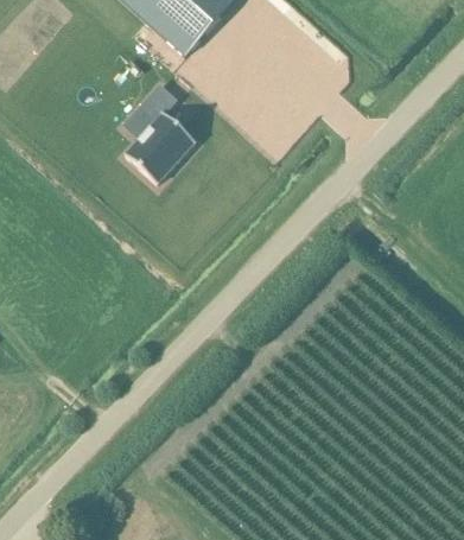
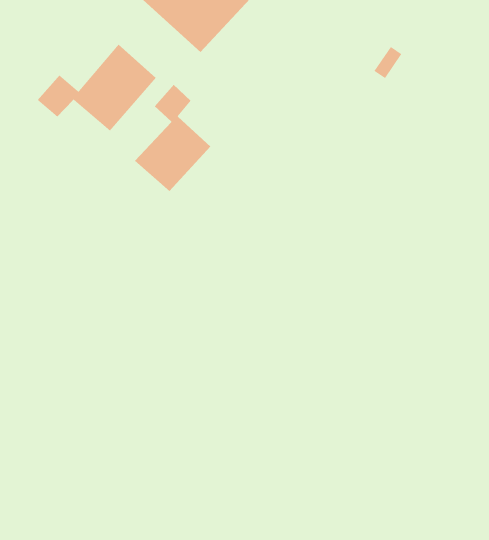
building: none -> [37,44,156,132]

